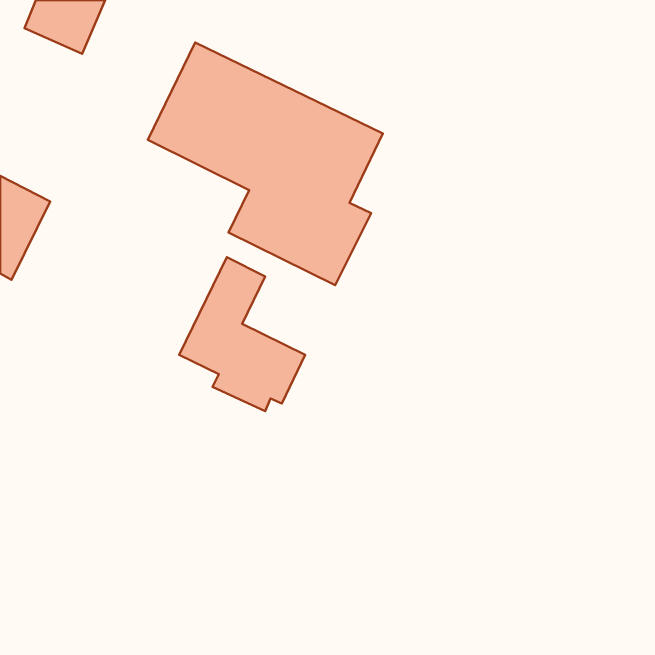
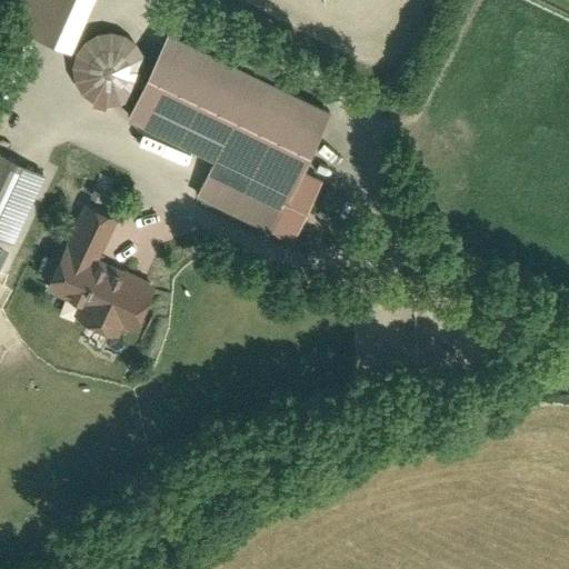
building: none -> [76,33,144,103]
building: [179,257,305,411] -> [42,201,151,335]

